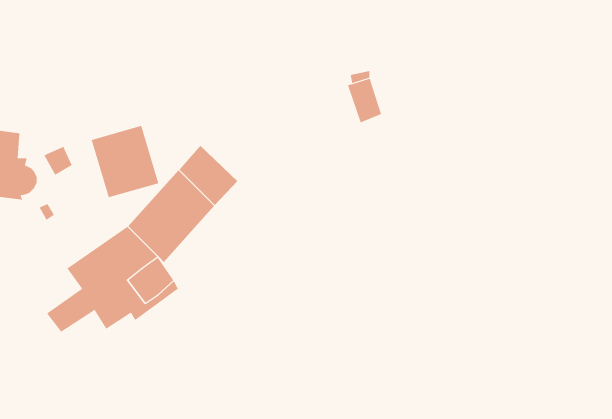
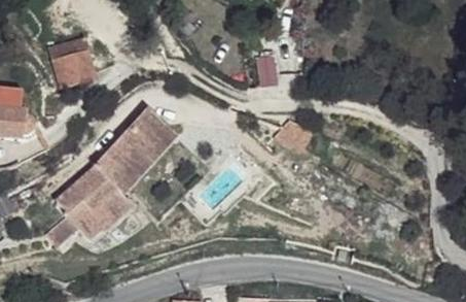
building: [91,125,159,198] -> [49,38,98,90]

